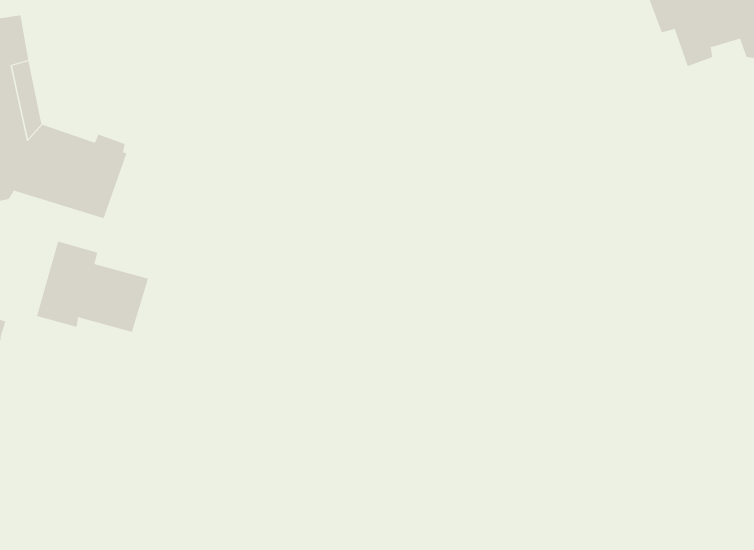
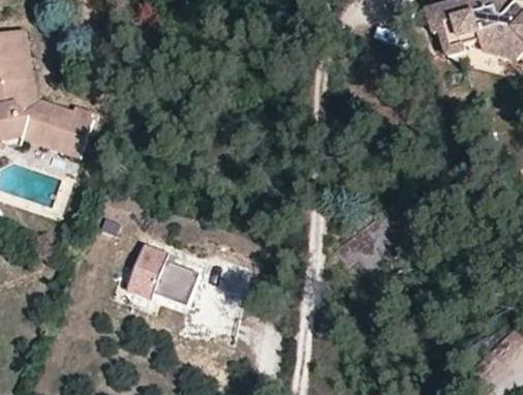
building: [36,241,149,332] -> [128,246,199,304]

